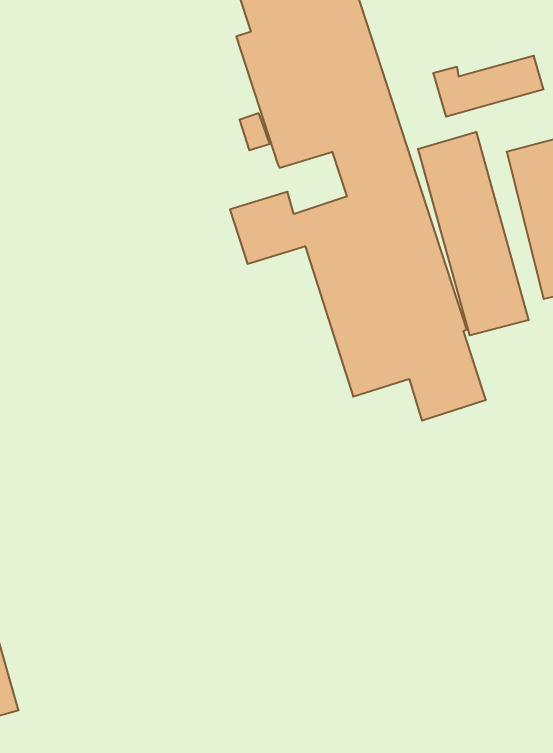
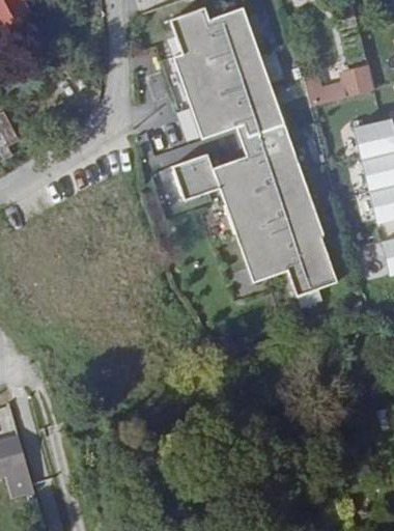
building: [418,132,529,335] -> none

